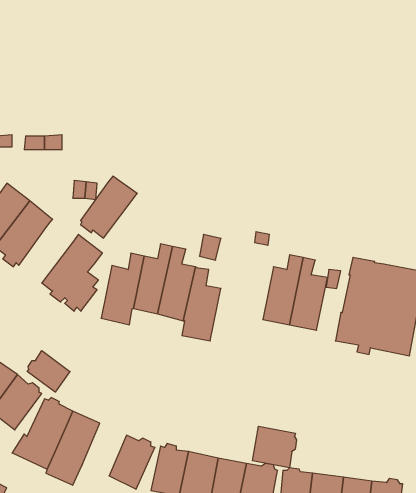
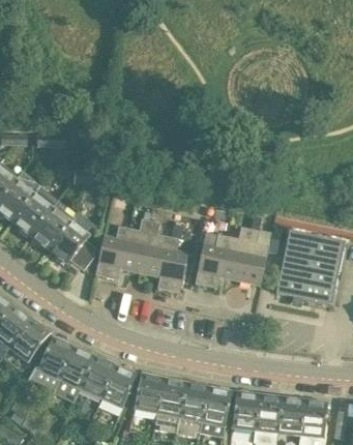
building: [81,176,137,238] -> [31,202,75,249]
building: none -> [194,235,227,289]
building: [27,351,70,392] -> none
building: none -> [80,357,114,397]
building: [253,426,297,468] -> none

